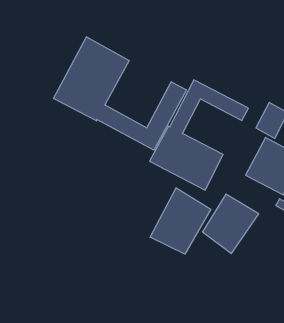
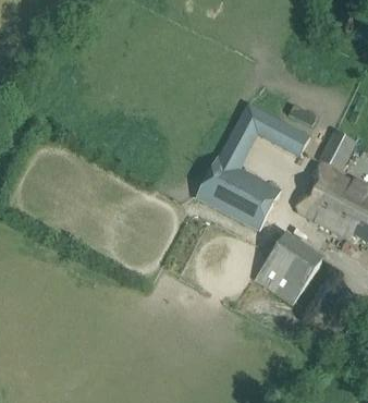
building: [54,37,186,150] -> none
building: [150,188,211,254] -> none

